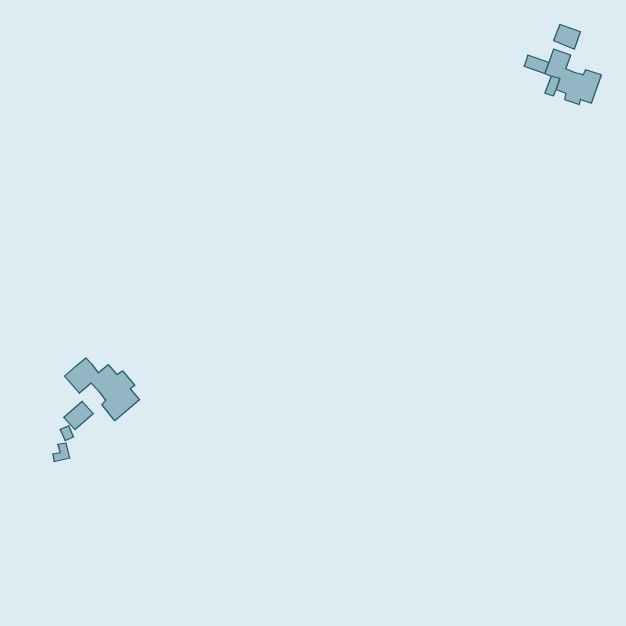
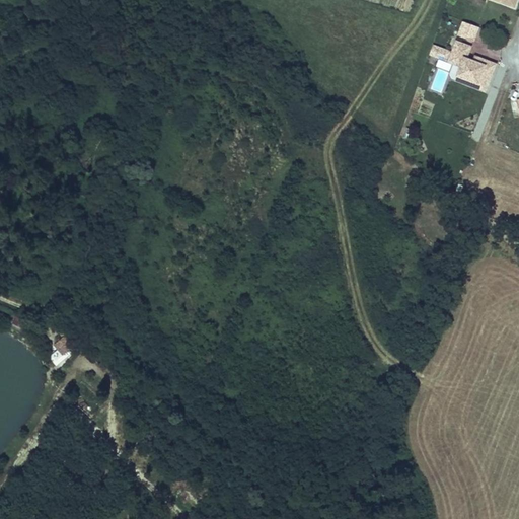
building: [65,358,140,421] -> none

